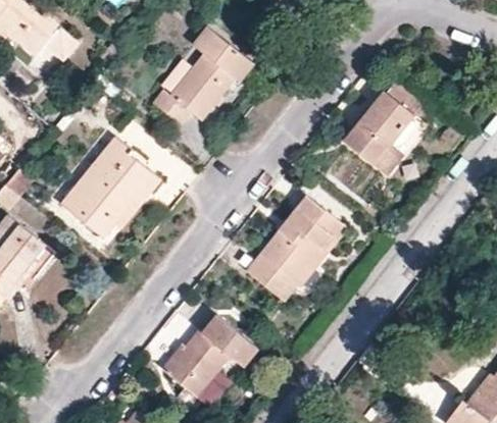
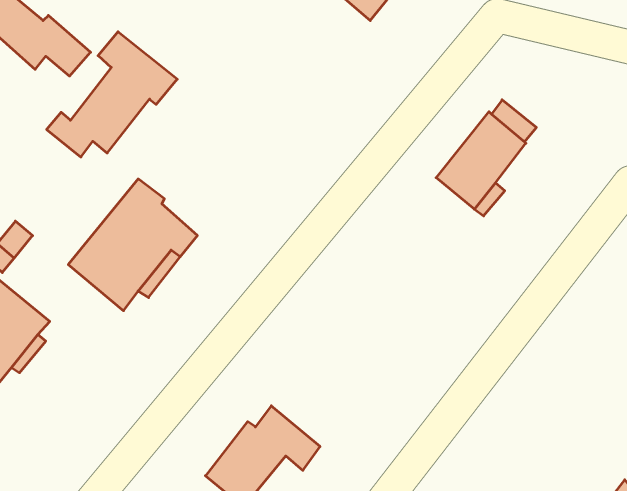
building: [153,27,254,123] -> [47,32,177,157]
building: [247,189,345,299] -> none

